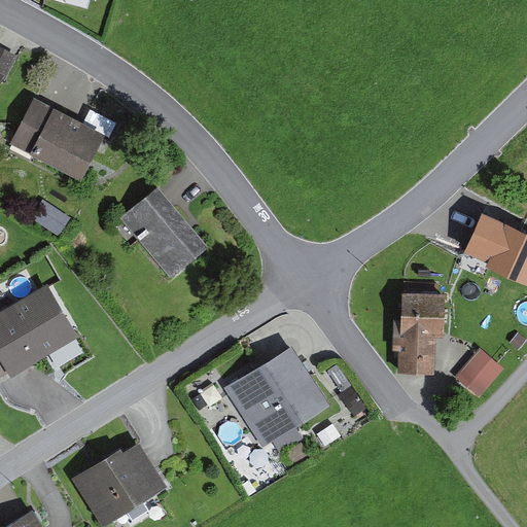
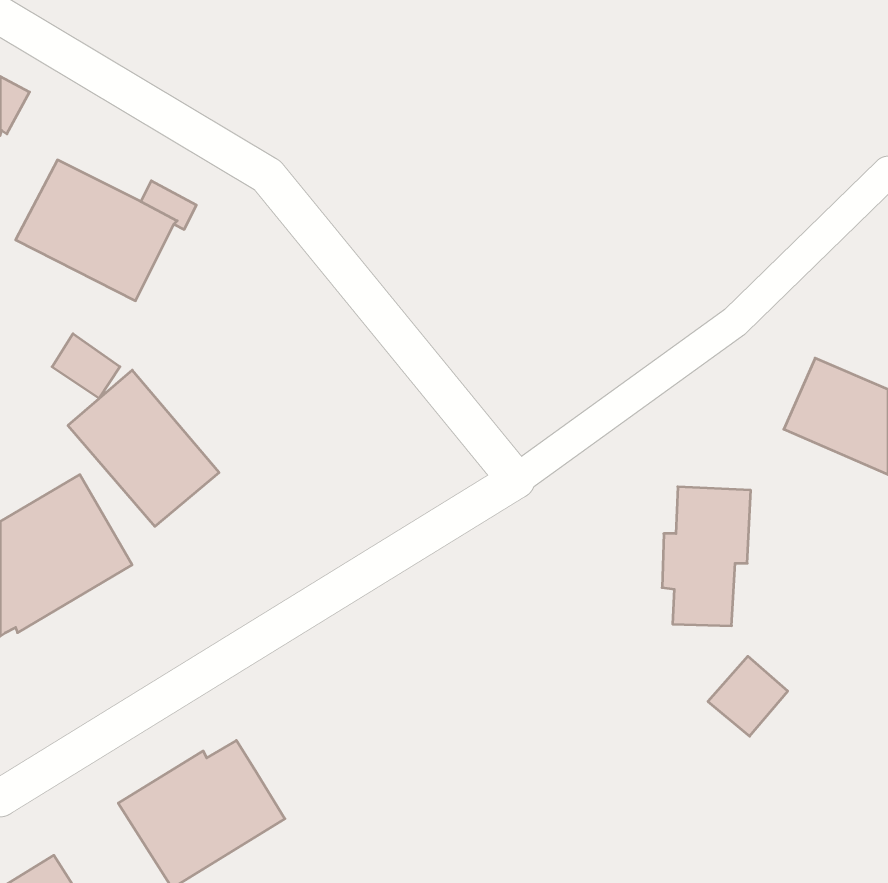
building: [119,186,209,279] -> [68,370,219,526]
building: [223,346,330,449] -> none
building: [457,348,504,395] -> [708,656,788,736]

